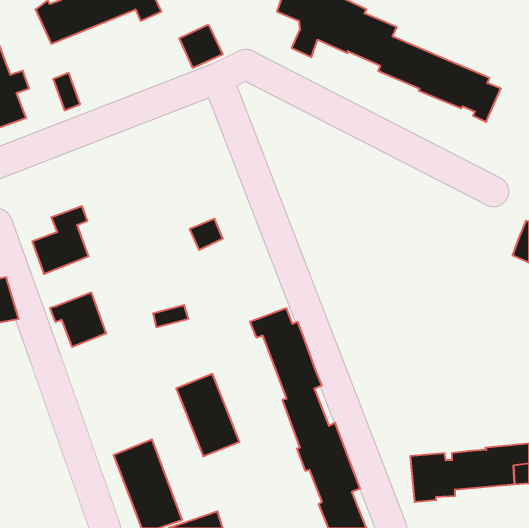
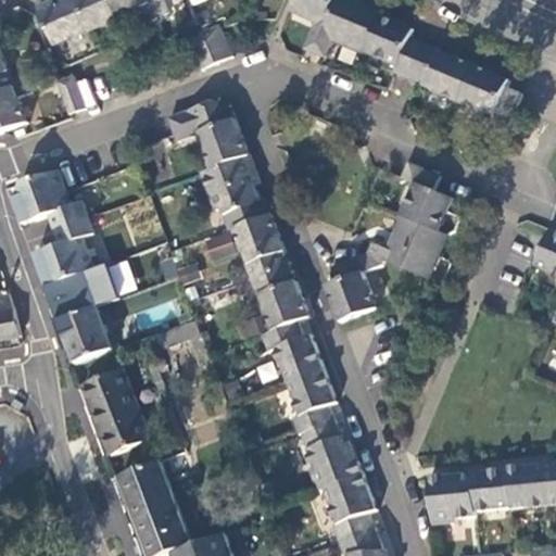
building: none -> [167,99,311,332]
building: none -> [324,162,453,323]
building: none -> [13,169,86,227]
building: none -> [46,263,118,319]
building: [176,374,240,456] -> [81,367,148,453]

